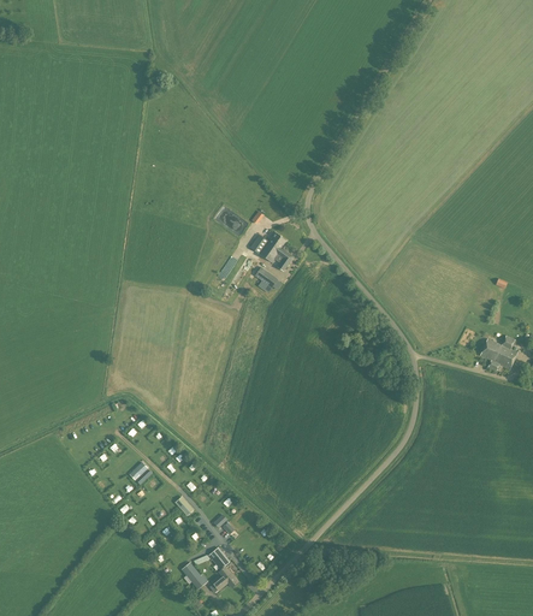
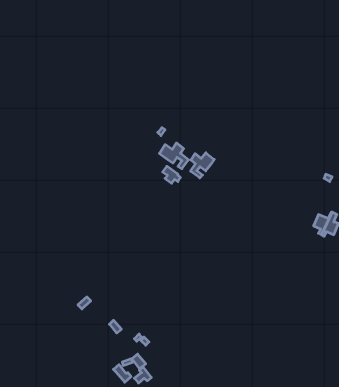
building: none -> [191,153,214,178]

